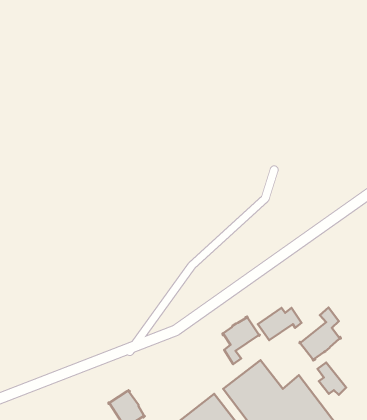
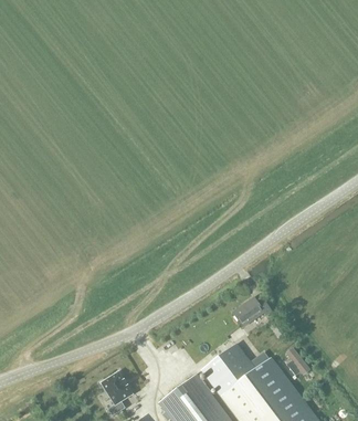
building: [299,308,341,360] -> none
building: [222,316,260,364] -> none

